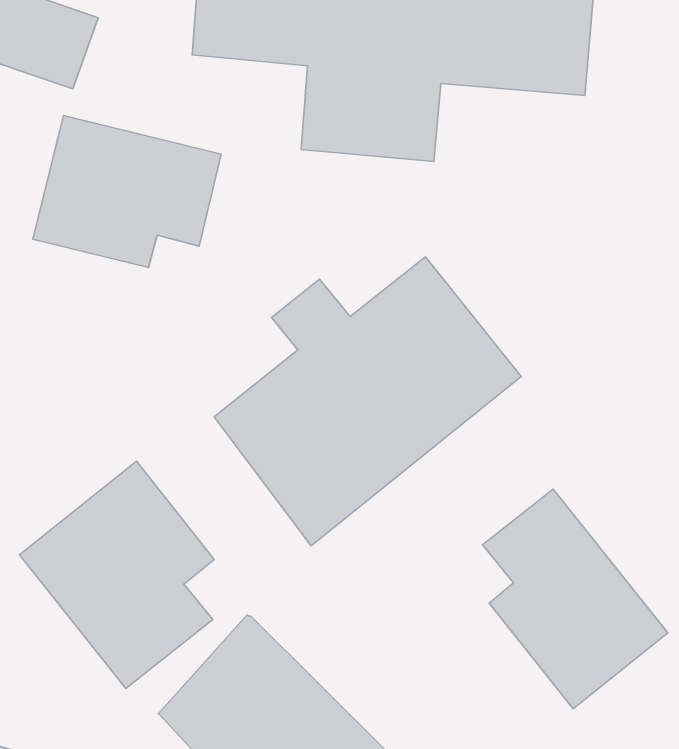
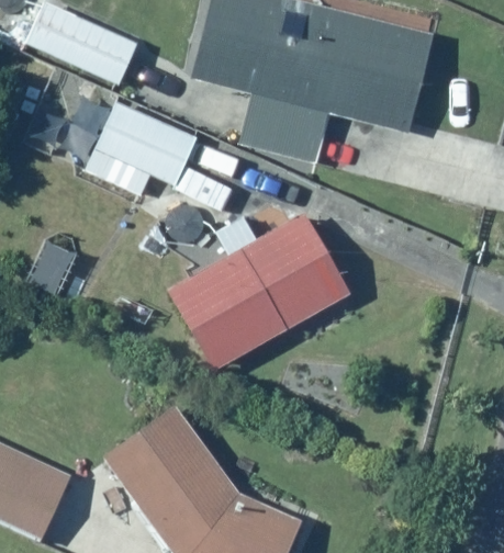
building: [19,461,214,688] -> none
building: [483,489,668,709] -> none

